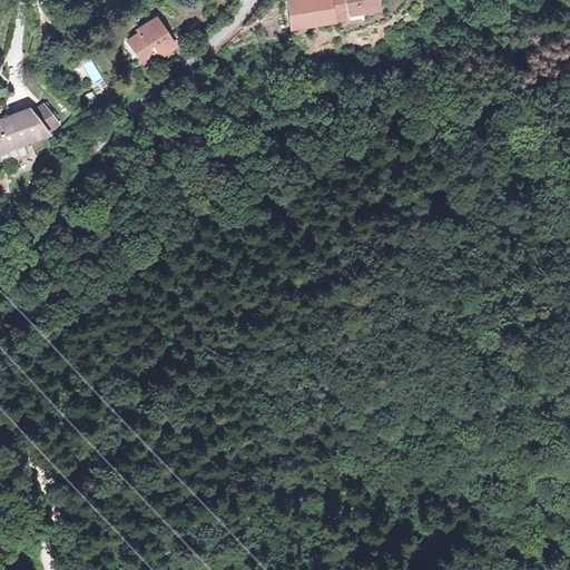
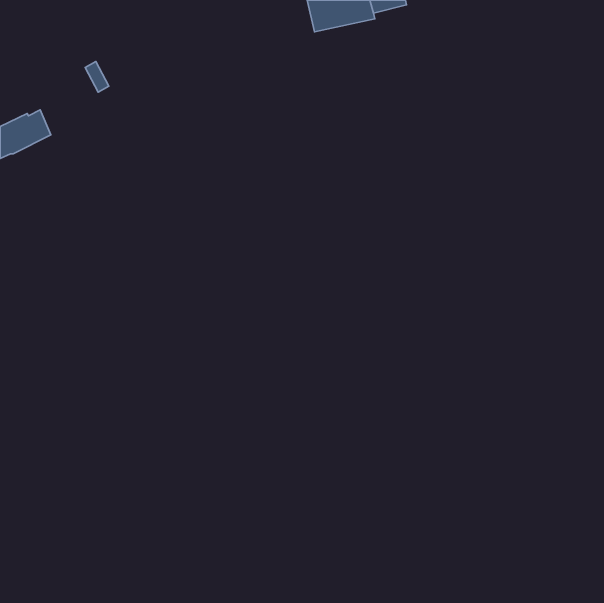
building: [129,17,173,57] -> none

